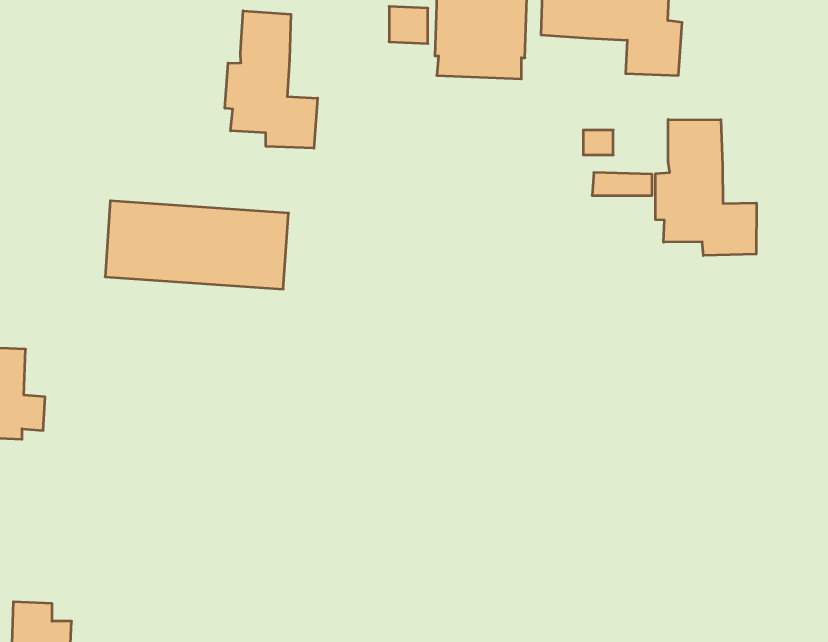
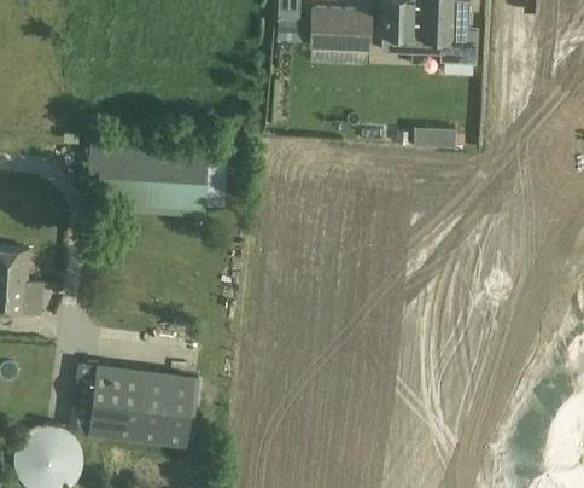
building: [225,11,318,148] -> none
building: [656,119,756,256] -> none
building: none -> [89,366,193,442]

